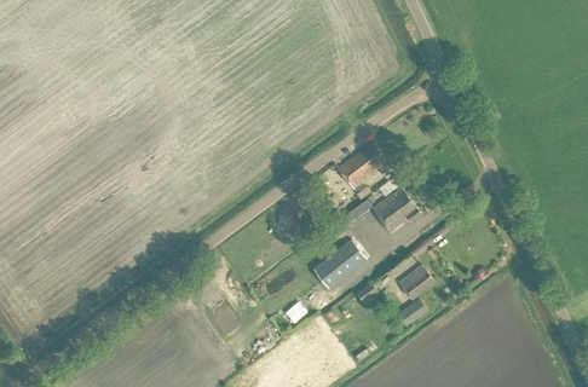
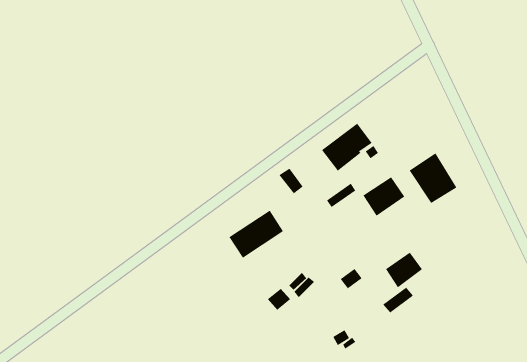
building: none -> [409,153,457,204]
building: [310,236,363,283] -> [229,210,284,259]

